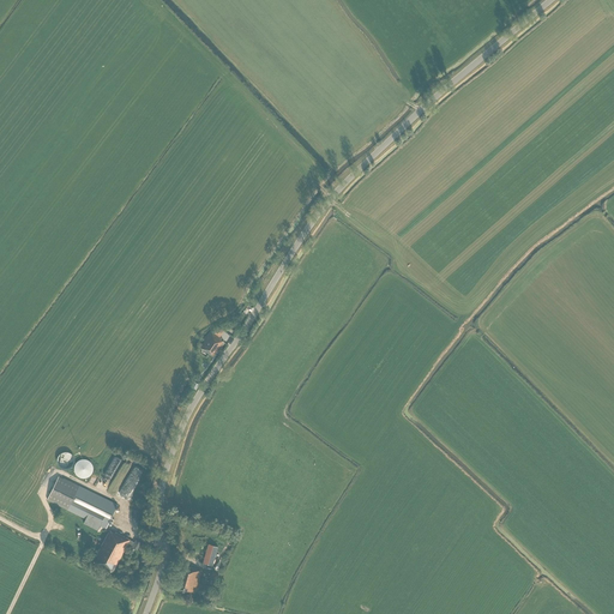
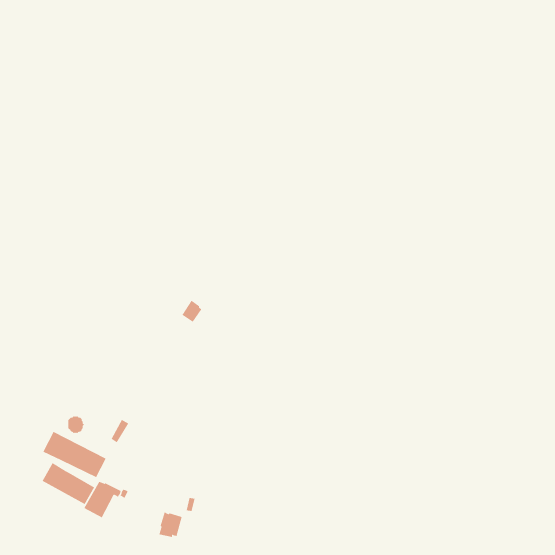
building: none -> [42,462,95,505]

